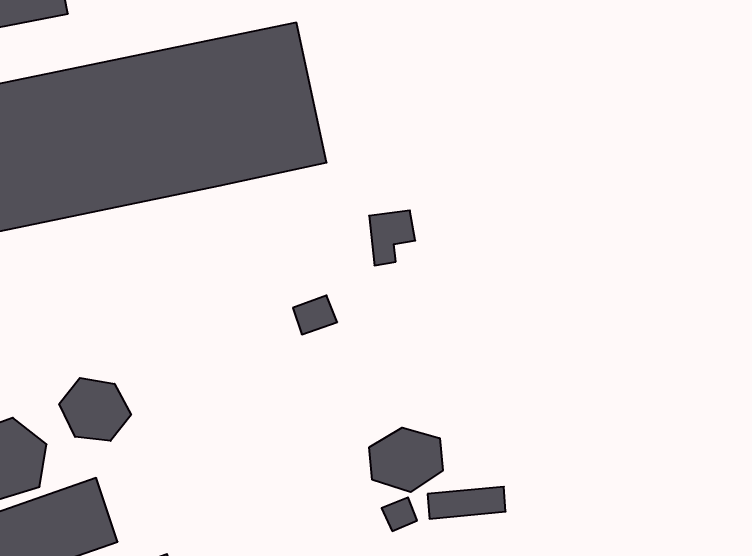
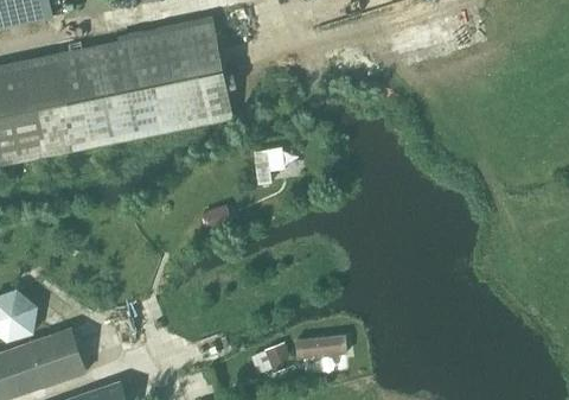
building: [59,378,131,441] -> none
building: [369,428,443,492] -> none

